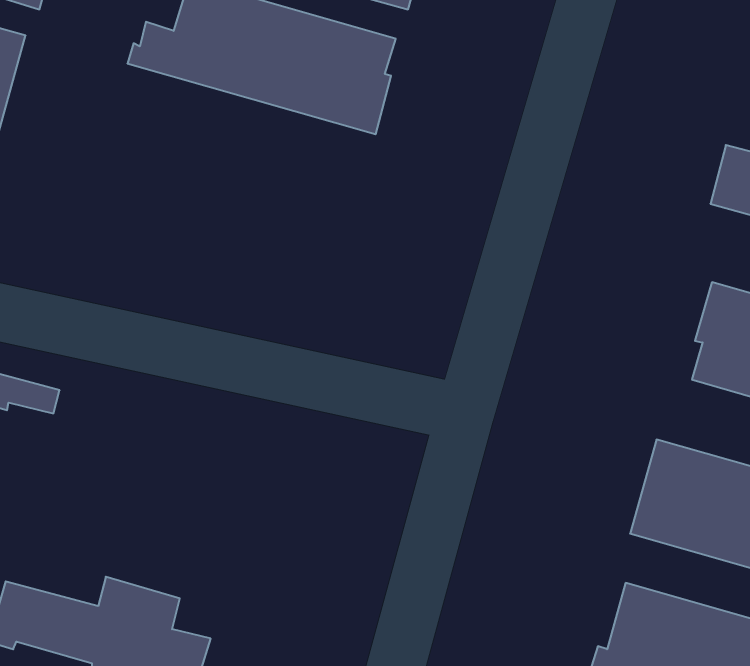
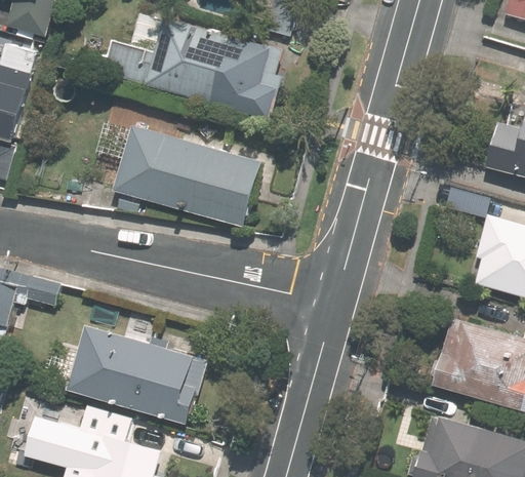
building: none -> [108,126,256,229]
building: none -> [88,335,207,421]

